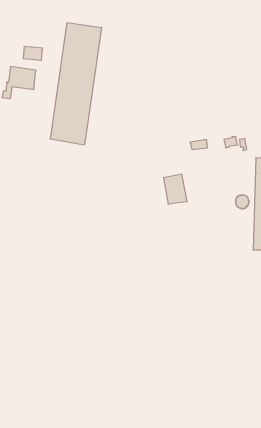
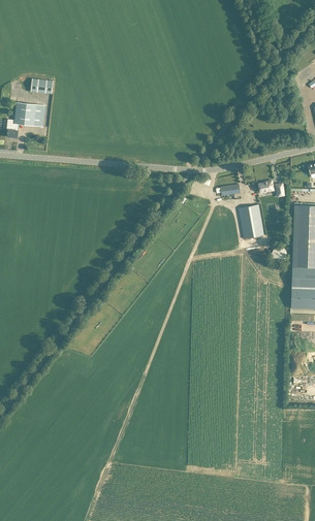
building: [50,23,101,145] -> none
building: [163,174,187,204] -> [239,204,265,238]

